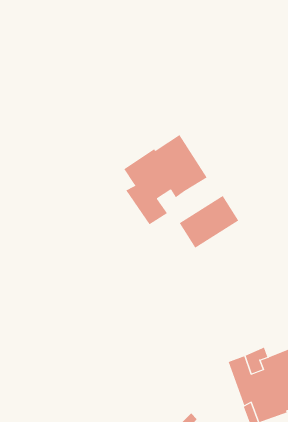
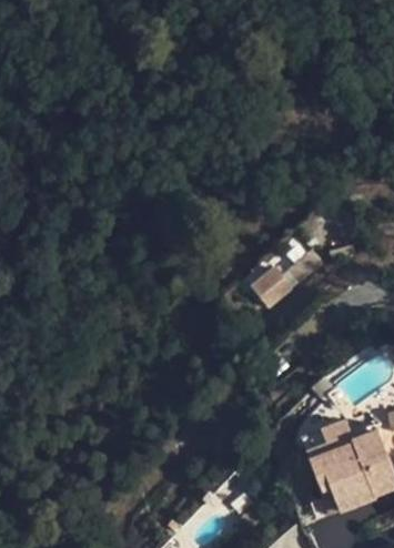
building: [123,134,208,225] -> none

